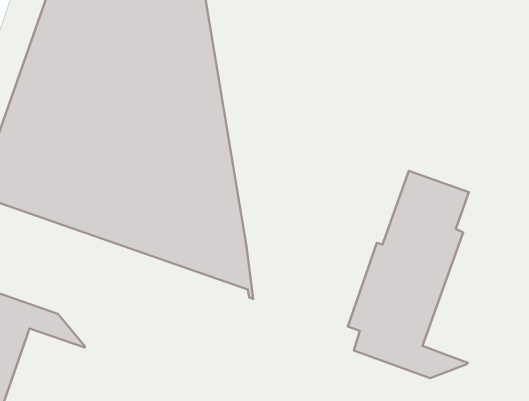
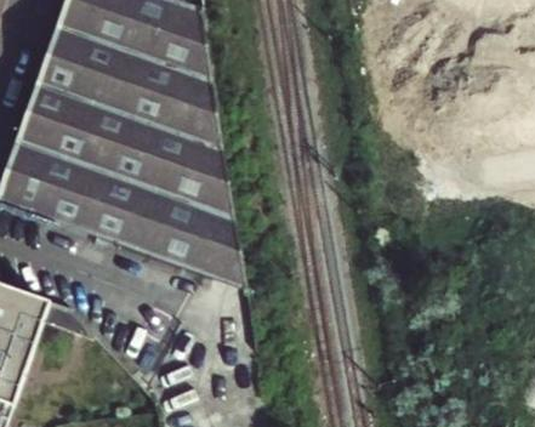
building: [348,171,469,378] -> none

